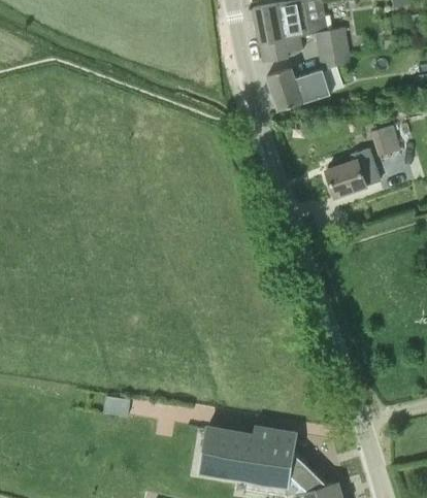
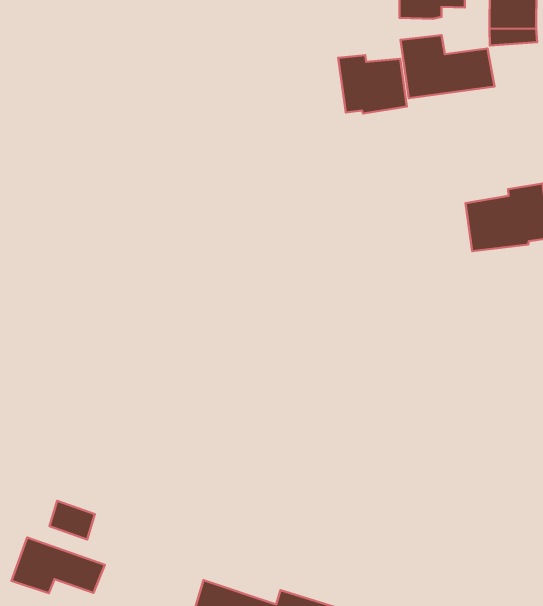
building: none -> [338,55,407,113]
building: none -> [12,537,105,593]

